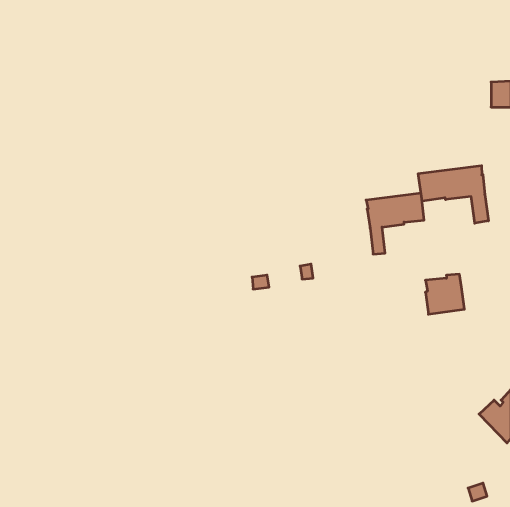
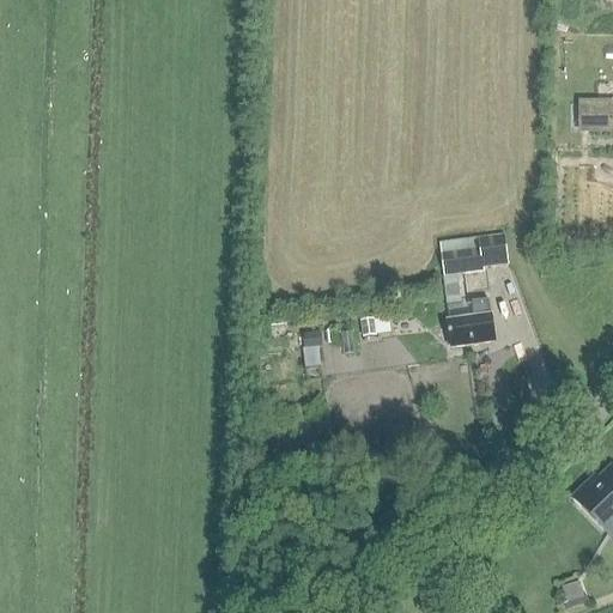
building: [418,166,488,223] -> none
building: [425,274,464,314] -> [448,297,494,345]

